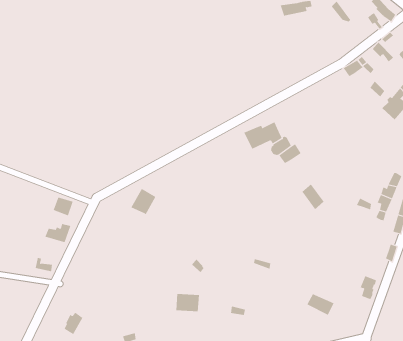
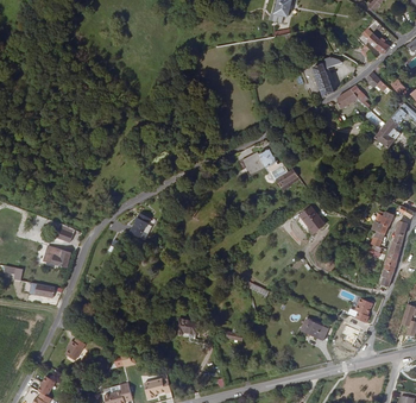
building: none -> [314,56,347,97]

